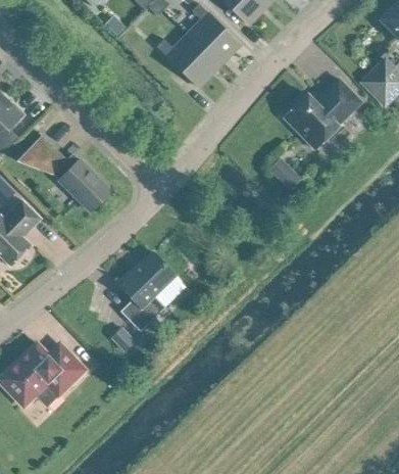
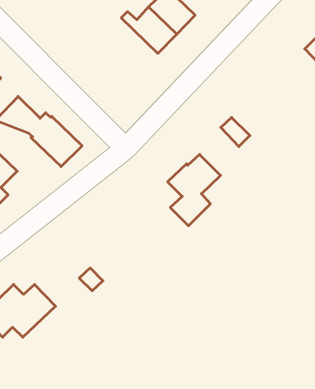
building: [283,79,360,148] -> none
building: [116,251,176,331] -> [168,154,221,226]

